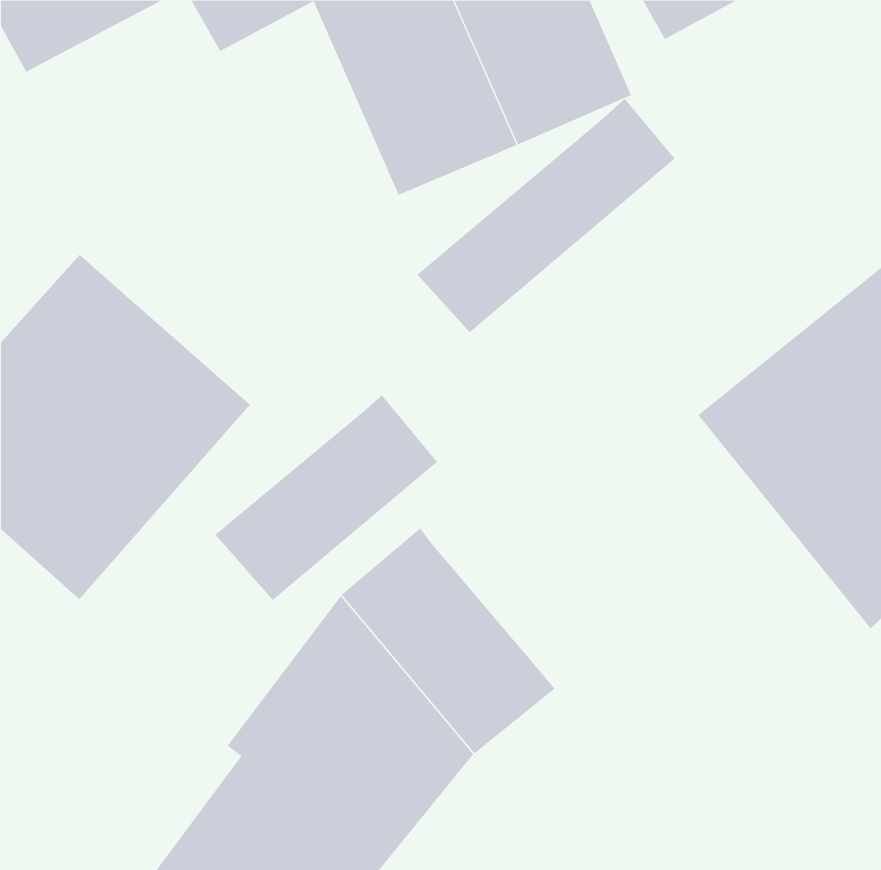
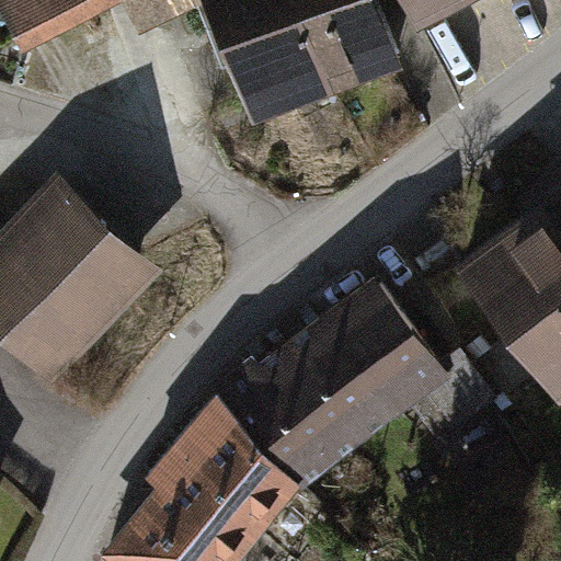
building: [417,98,675,333] -> none
building: [215,394,438,601] -> none
building: none -> [275,275,499,447]

